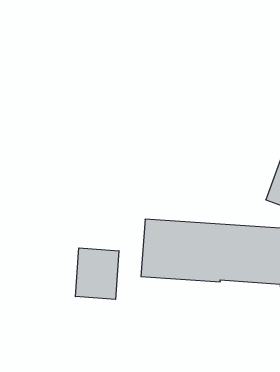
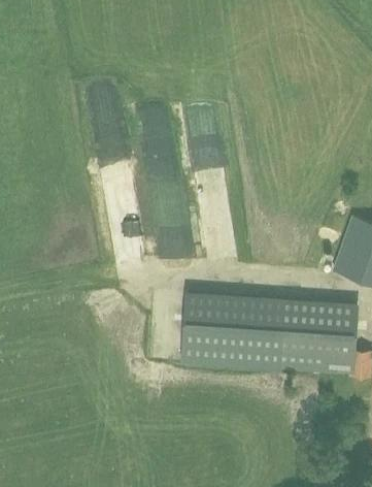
building: [75,248,119,299] -> none

